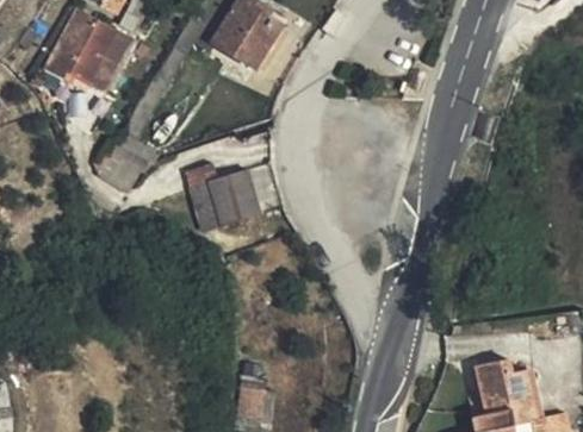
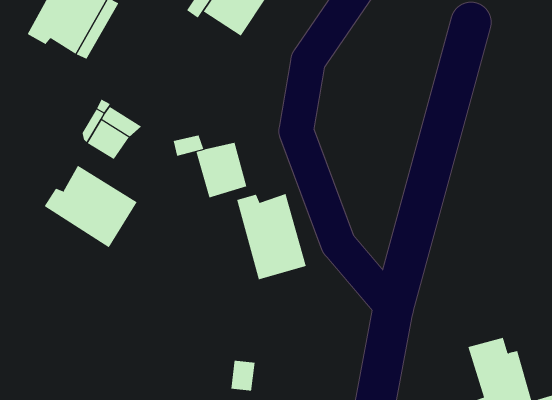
building: none -> [44,165,138,248]
building: none -> [237,193,307,280]

